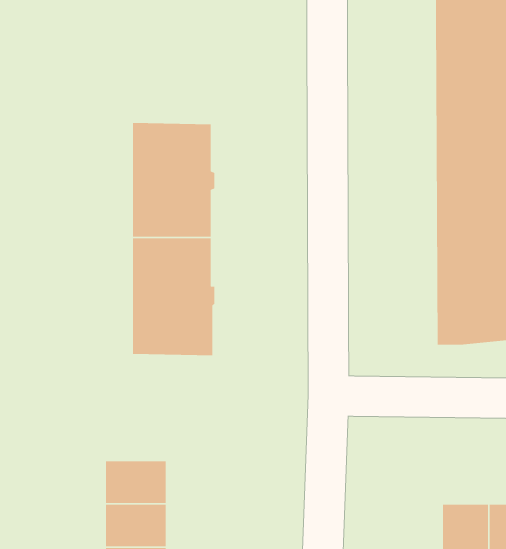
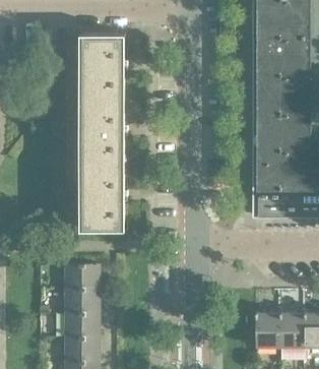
building: none -> [80,34,127,99]
building: none -> [65,263,100,289]

